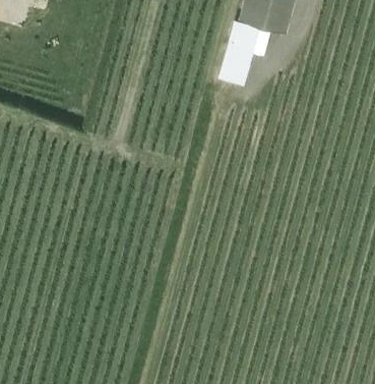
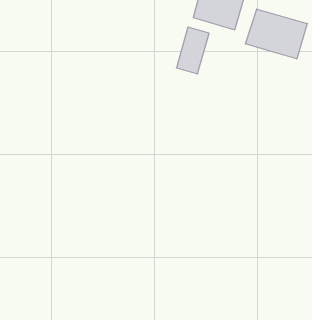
building: none -> [245,9,307,59]

